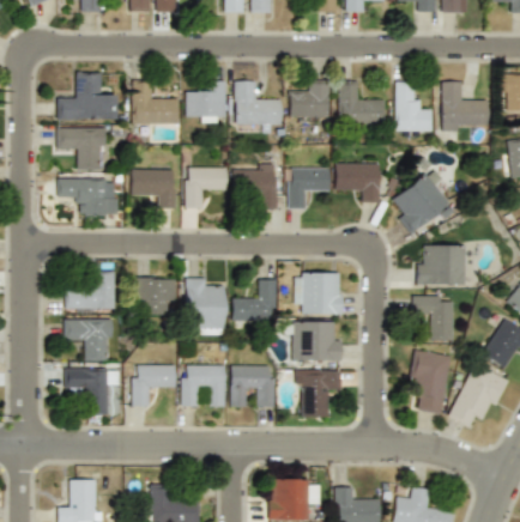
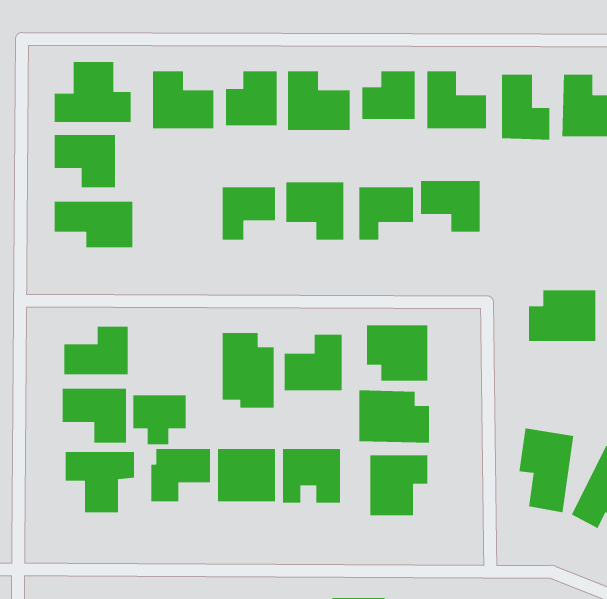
building: [131,169,176,208] -> none
building: [393,169,454,235] -> none
building: [135,278,176,316] -> [133,394,187,445]
building: [412,296,454,340] -> none

